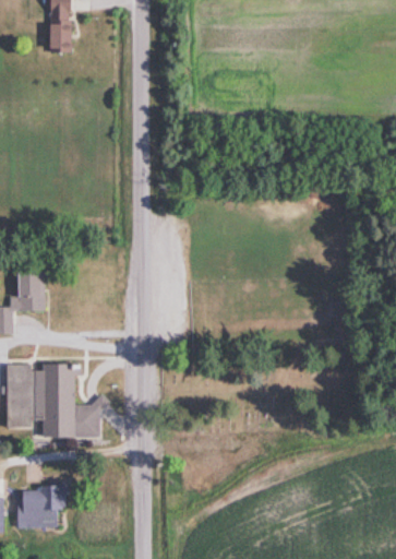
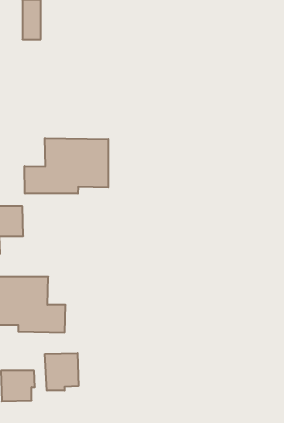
building: none -> [25,138,108,194]
building: none -> [45,353,78,391]

